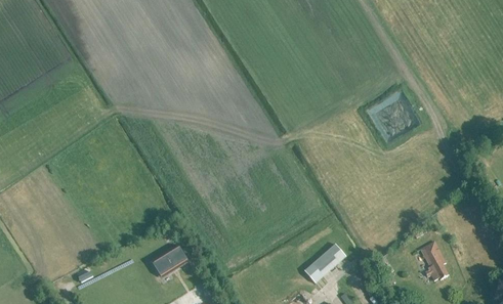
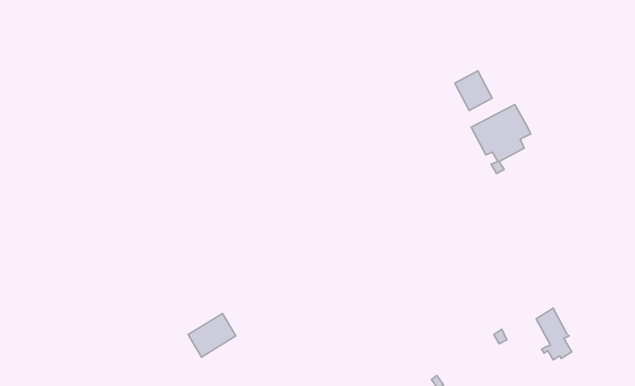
building: none -> [455,71,492,111]
building: [303,243,345,283] -> none

